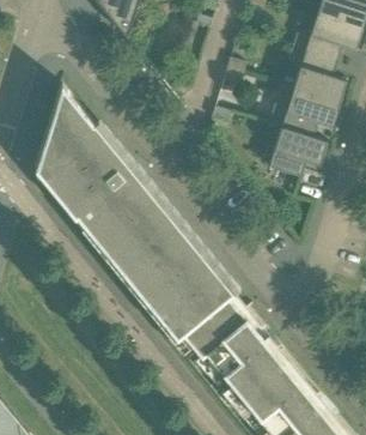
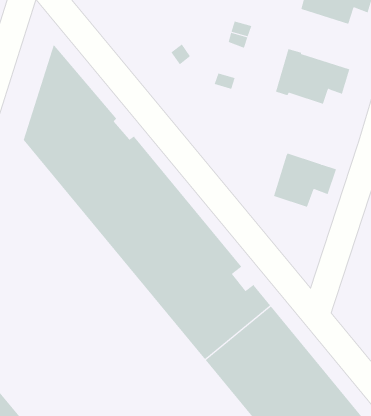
building: [287,48,346,104] -> none
building: [268,127,328,179] -> [273,153,337,207]

